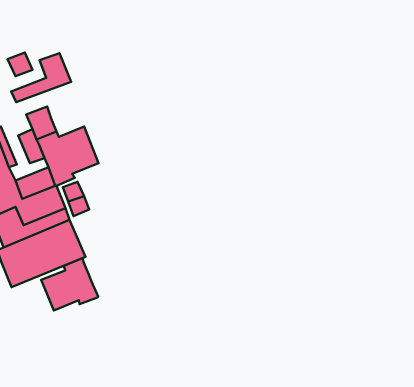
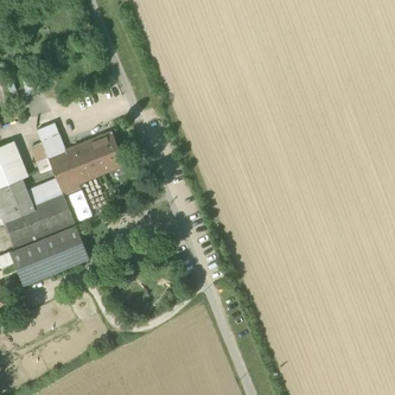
building: [11,53,71,102] -> none
building: none -> [88,132,125,174]
building: [41,258,98,311] -> none

